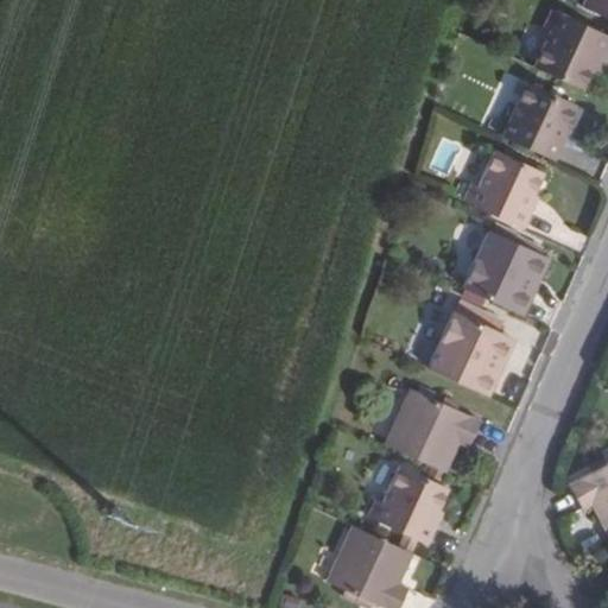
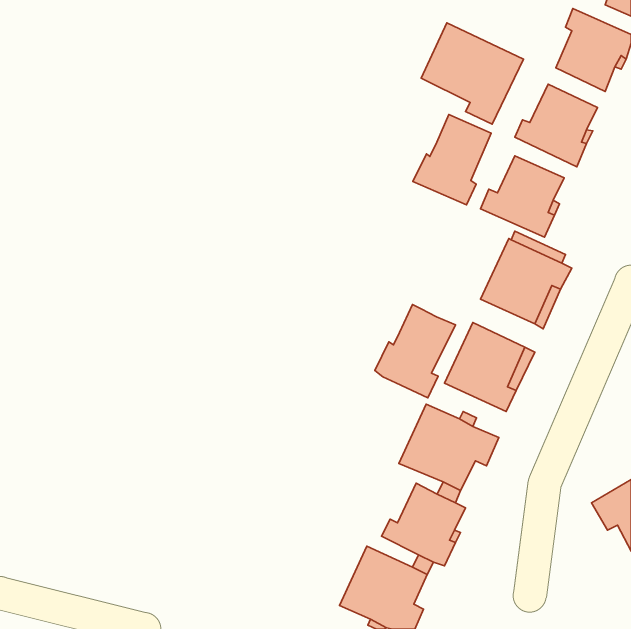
building: none -> [421,23,524,124]
building: none -> [413,114,491,205]
building: none -> [375,305,455,398]

